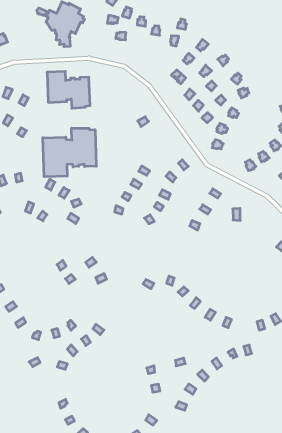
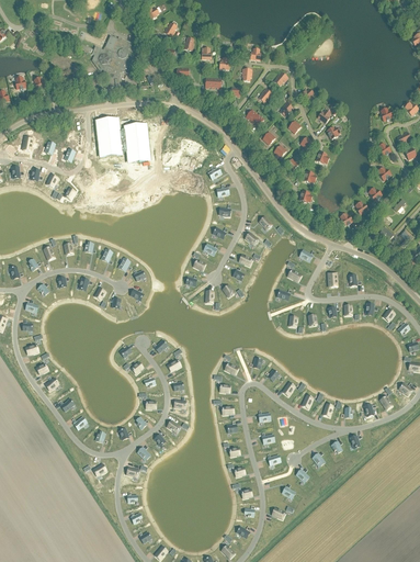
building: [43,128,96,177] -> none

